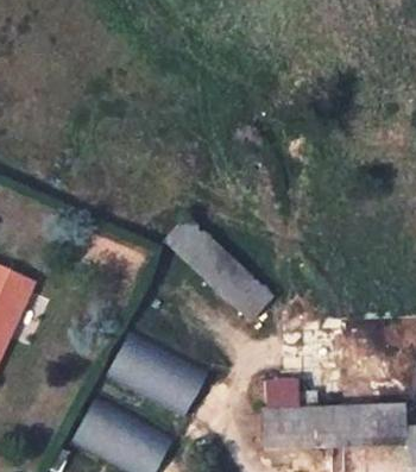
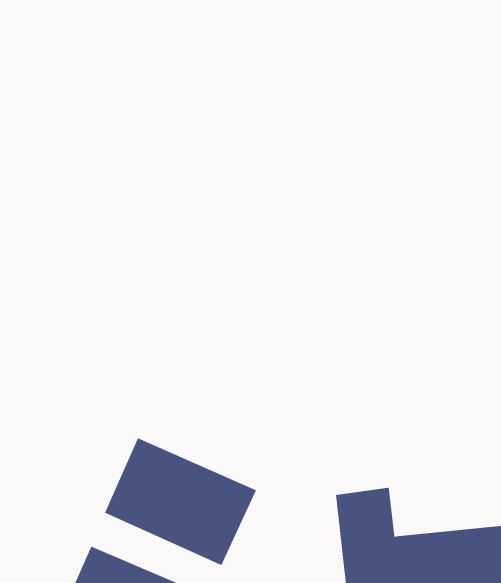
building: [164,216,275,322] -> none

